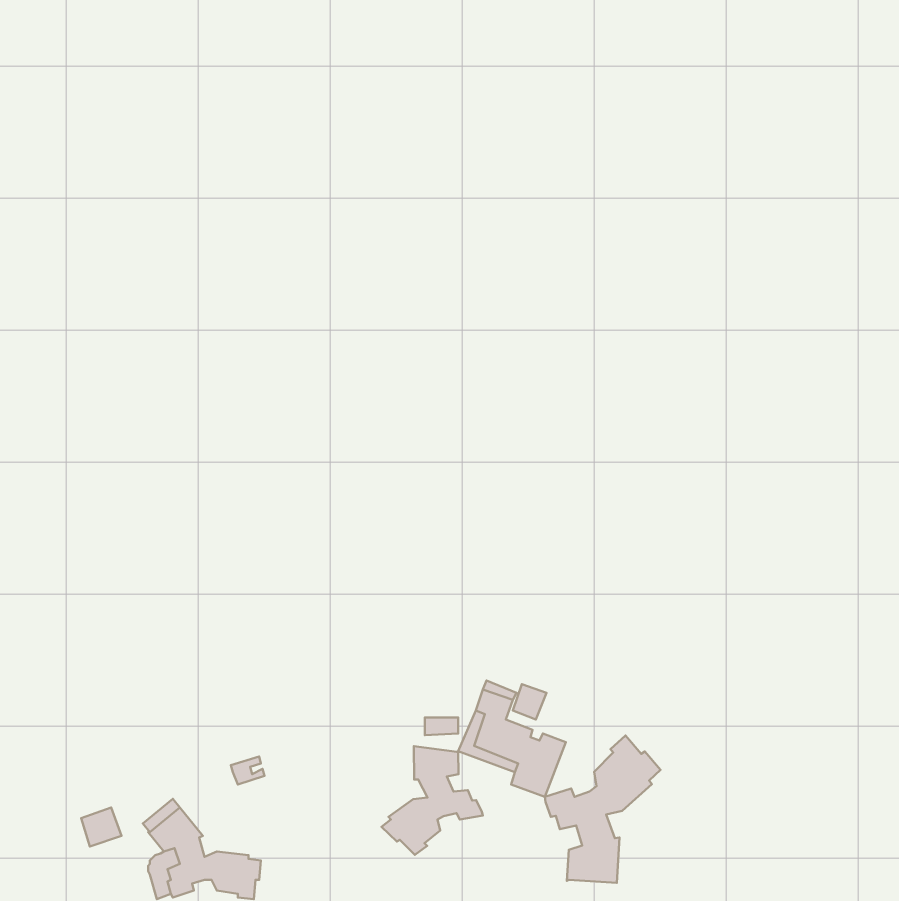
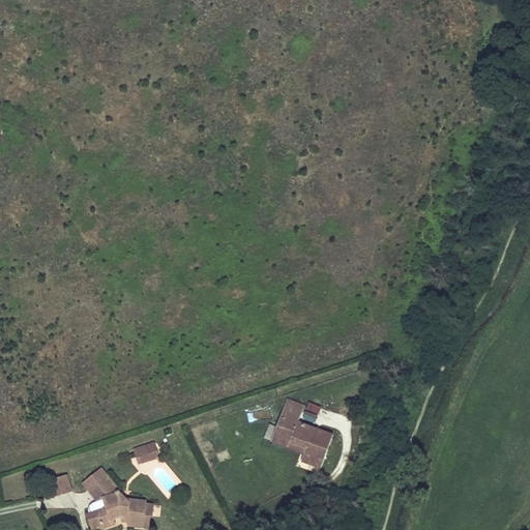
building: [545,736,660,883] -> none
building: [382,746,483,855] -> none

